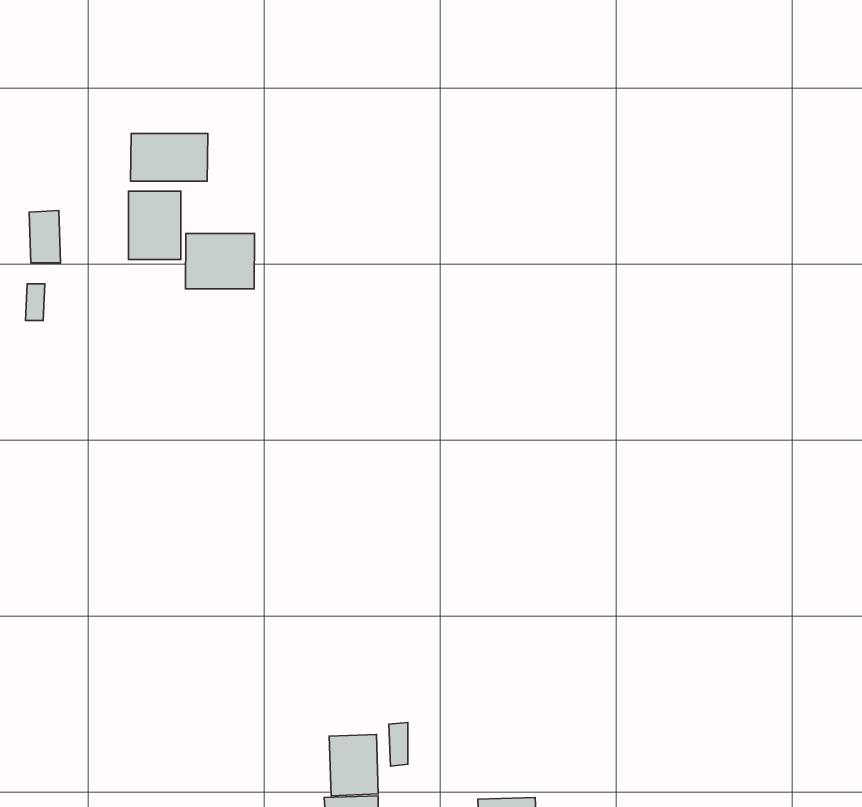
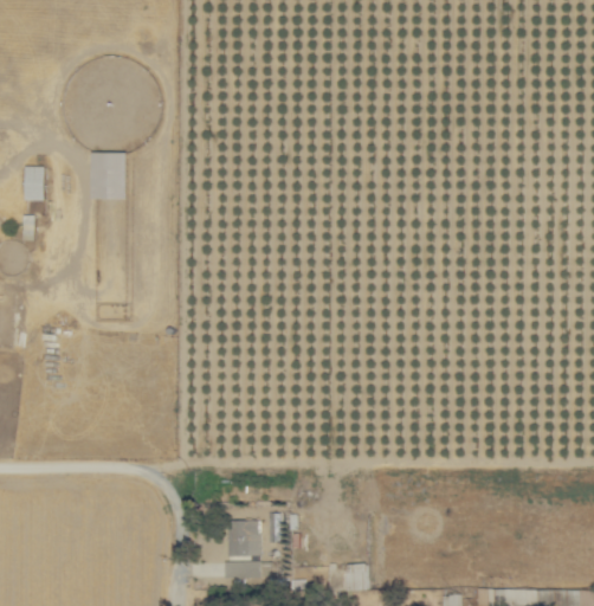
building: [131,134,208,181] -> none
building: [186,234,254,289] -> none

